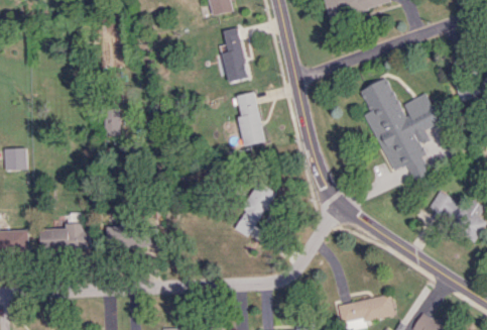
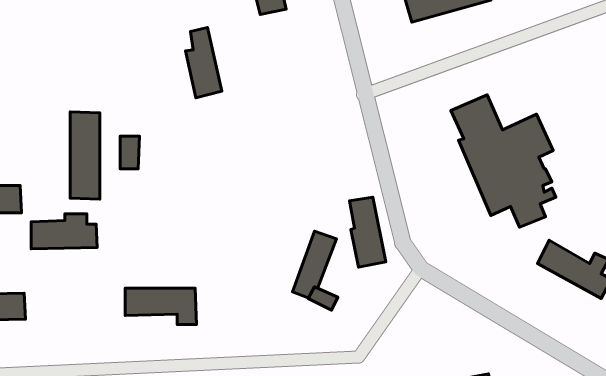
building: [219,27,247,82] -> [185,28,222,98]
building: none -> [70,112,100,199]
building: [236,92,264,146] -> [349,197,386,267]
building: [40,223,92,250] -> [31,214,97,249]

